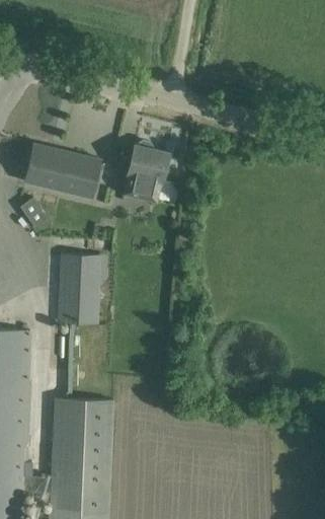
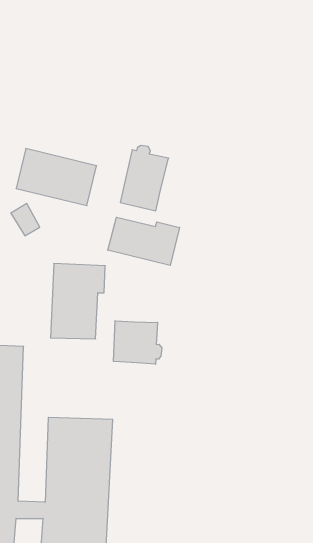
building: none -> [108,217,179,265]
building: none -> [113,321,162,364]

